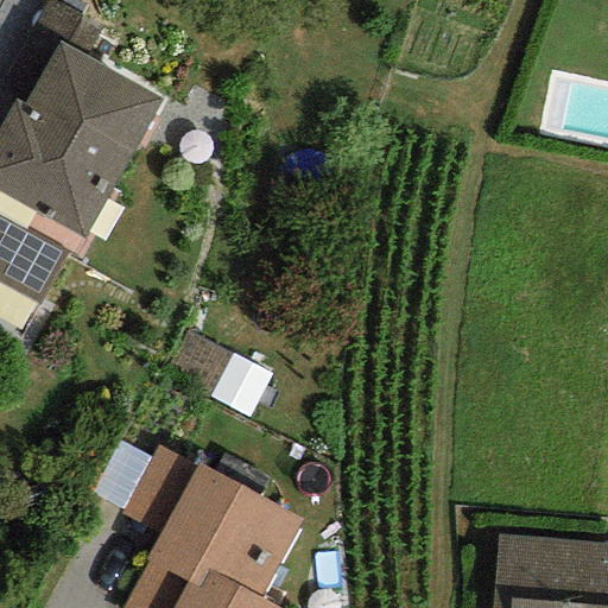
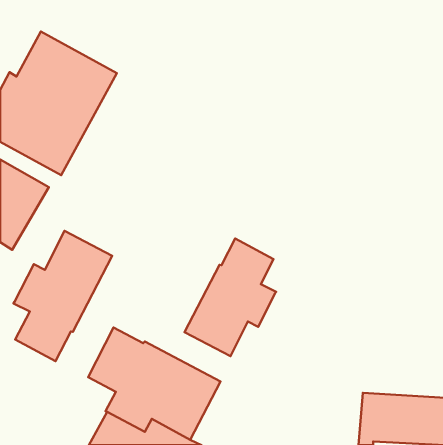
building: none -> [14,231,112,361]
building: none -> [185,239,276,356]

